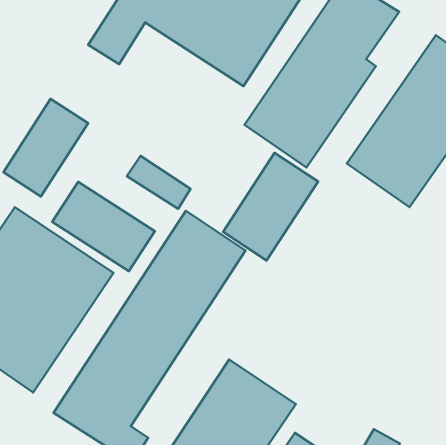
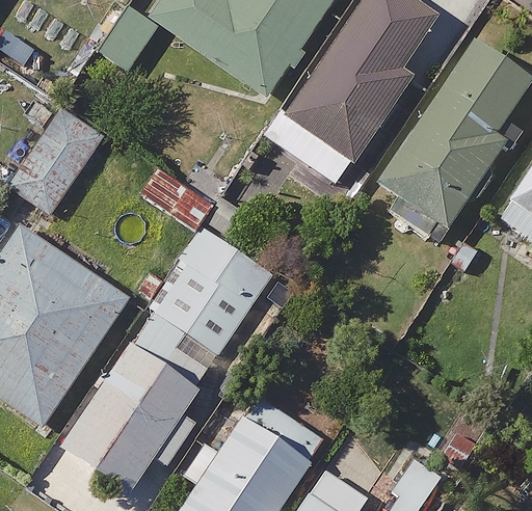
building: [223,153,318,260] -> none
building: [52,182,155,271] -> none

